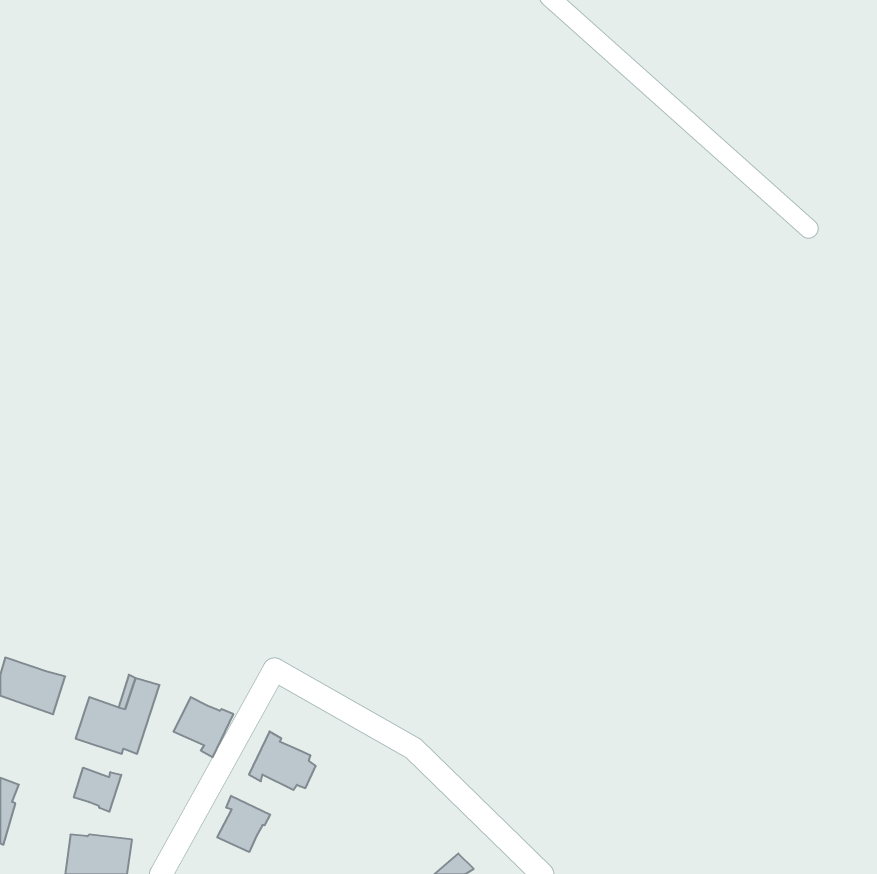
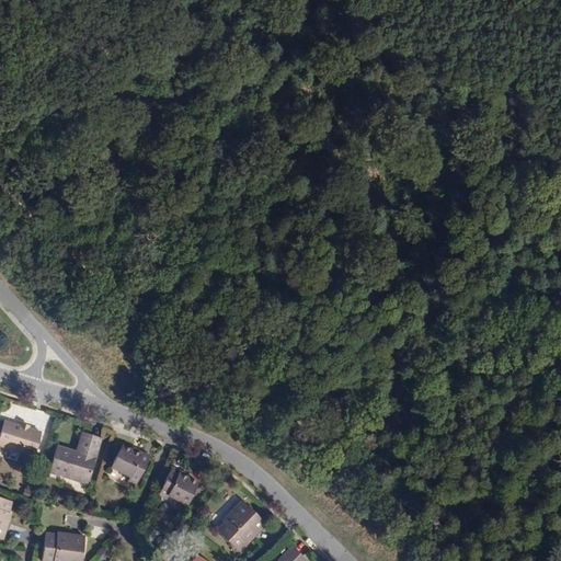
building: [74,768,121,812] -> none
building: none -> [217,499,265,549]
building: [217,796,270,852] -> none

